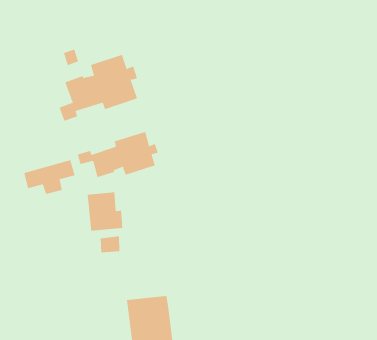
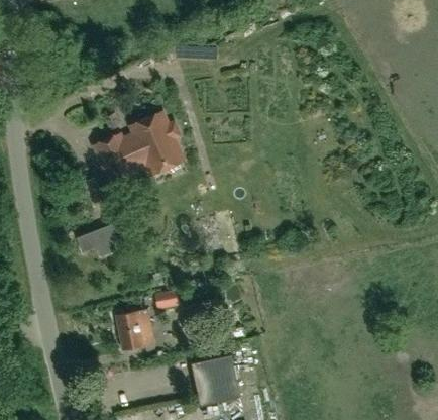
building: [77,131,159,178] -> none
building: [87,192,123,231] -> [115,311,153,351]

